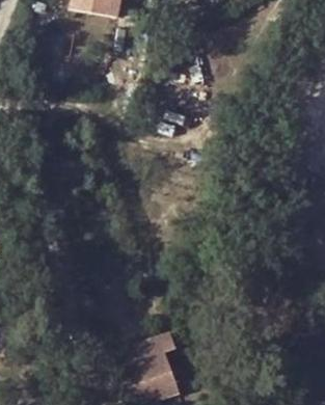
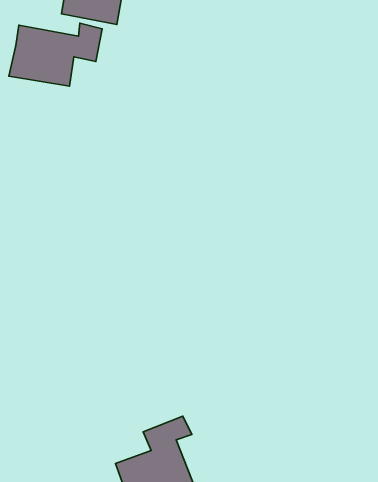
building: none -> [9,23,102,86]

